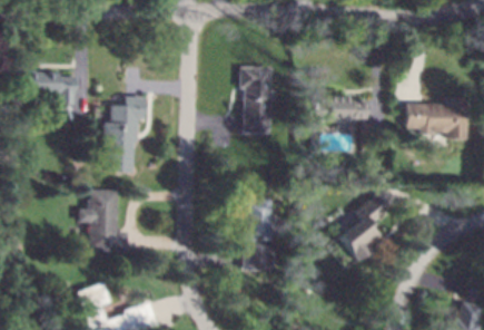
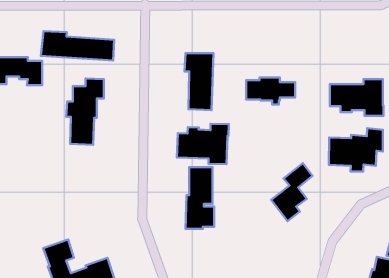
building: none -> [41,31,114,60]
building: none -> [177,124,229,164]
building: none -> [329,128,383,171]
building: [78,190,128,252] -> none

